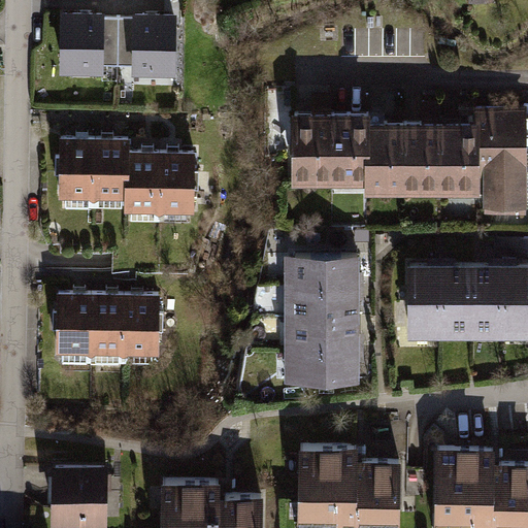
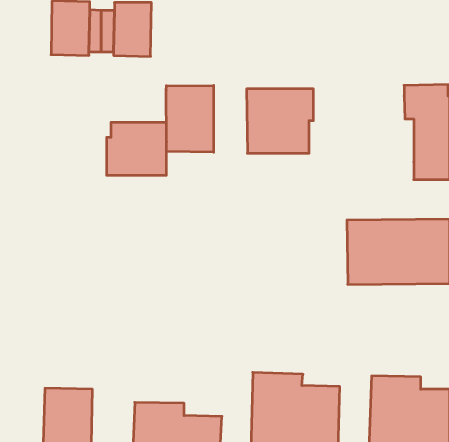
building: none -> [166,85,214,152]
building: [363,122,486,200] -> none
building: [60,138,131,201] -> none
building: [284,257,359,385] -> none
building: [57,293,162,357] -> none

